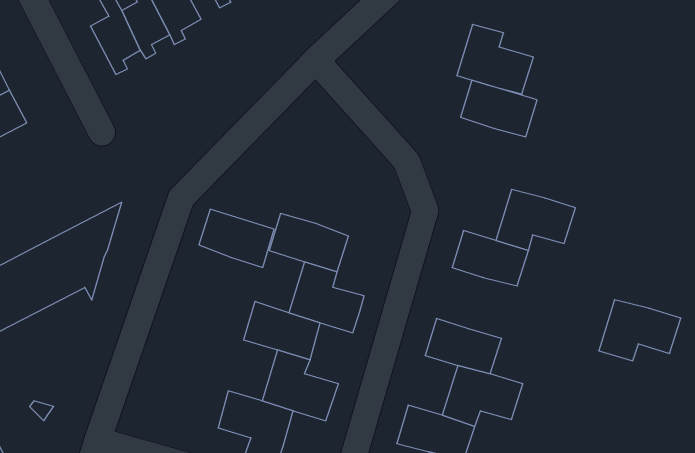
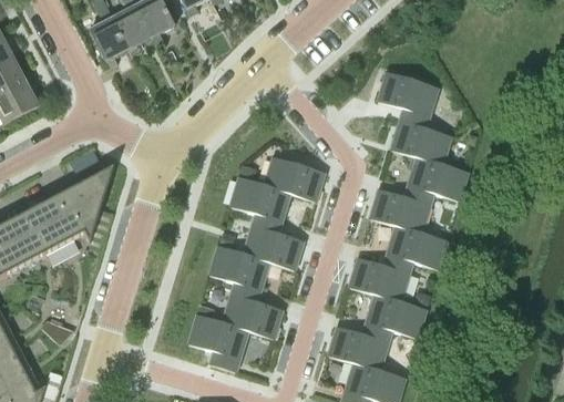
building: [457,24,533,94] -> [392,110,452,164]
building: [199,209,274,267] -> [265,156,324,202]
building: [599,300,681,361] -> [383,226,448,274]

